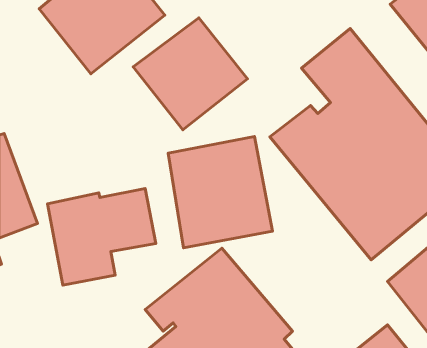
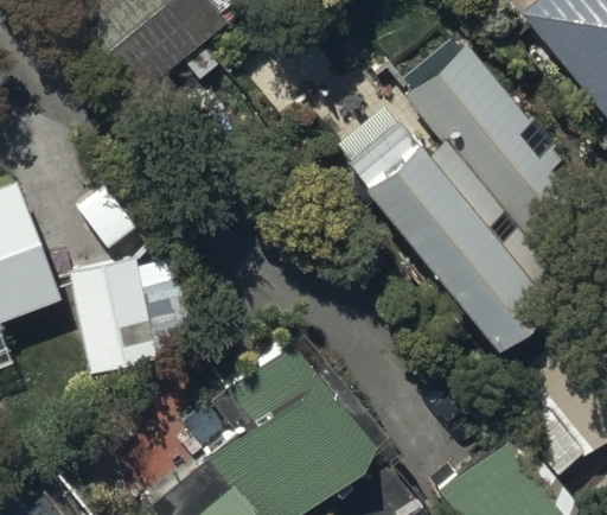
building: [133,18,247,130] -> none
building: [168,137,273,248] -> none

